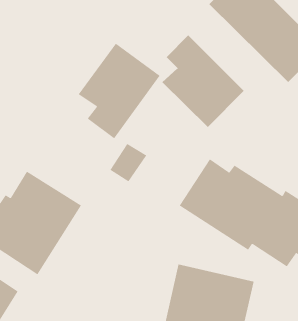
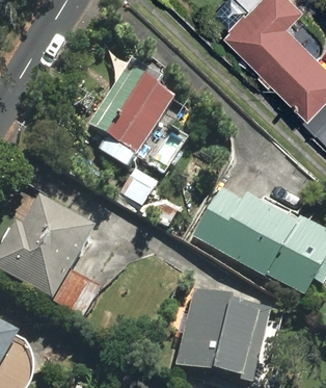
building: [162,34,244,128] -> none

